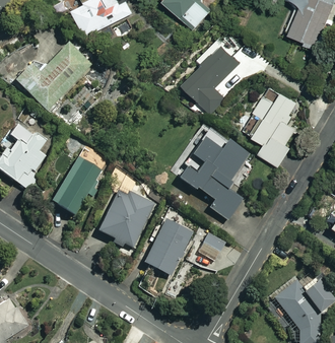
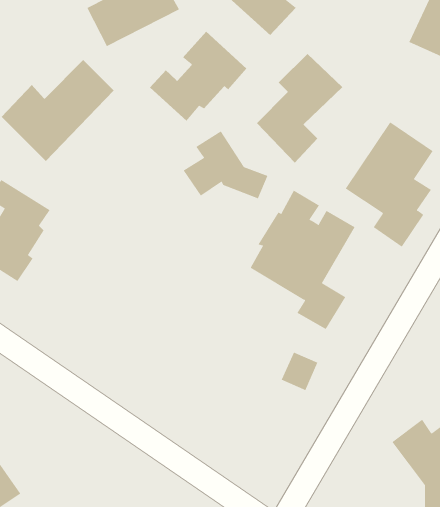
building: none -> [149,31,247,122]
building: none -> [183,131,268,199]
building: [52,157,102,217] -> none
building: [99,187,153,248] -> none
building: [144,218,192,277] -> none

